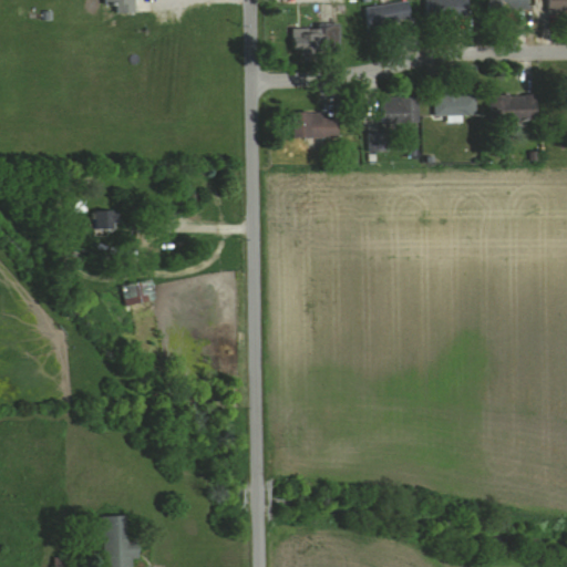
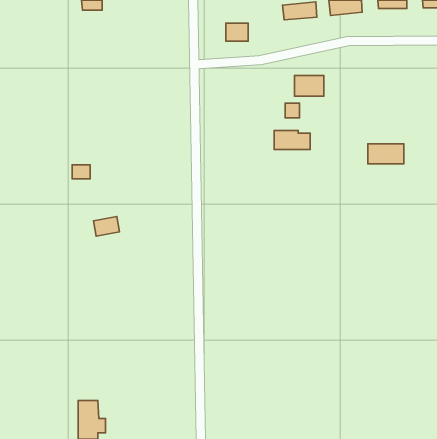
building: [324,24,340,53] -> none
building: [434,91,476,116] -> none
building: [491,95,537,121] -> [368,144,404,164]
building: [292,114,339,138] -> [274,131,310,149]

